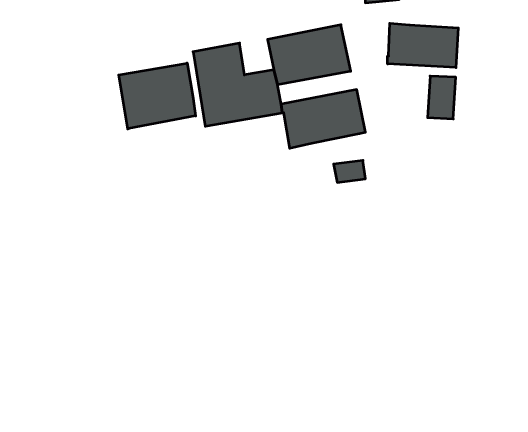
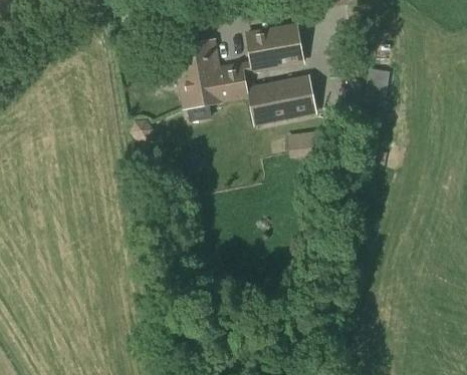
building: [388,23,458,68] -> none
building: [119,63,196,129] -> none

